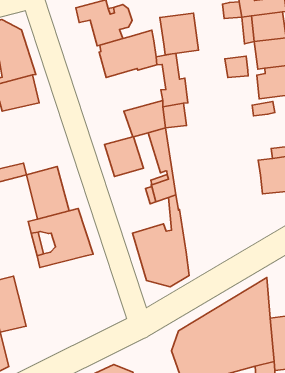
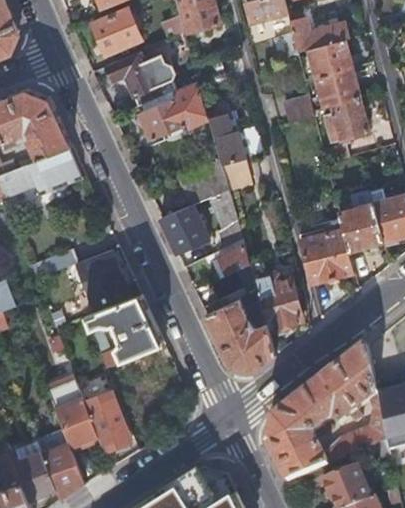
building: [160,13,199,55] -> none
building: none -> [300,230,354,284]
building: none -> [255,275,301,329]
building: none -> [83,392,130,455]

